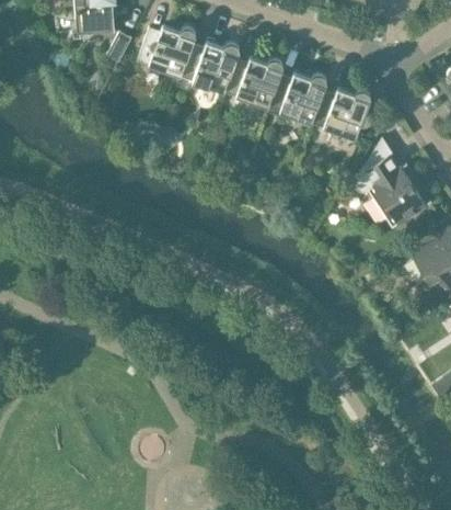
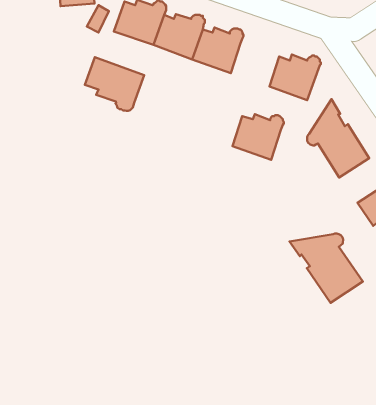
building: [269,73,327,125] -> [232,114,284,160]
building: none -> [85,57,144,111]
building: none -> [289,233,363,303]

